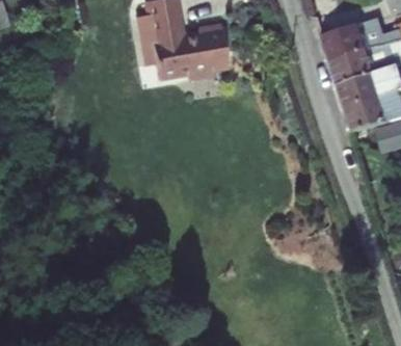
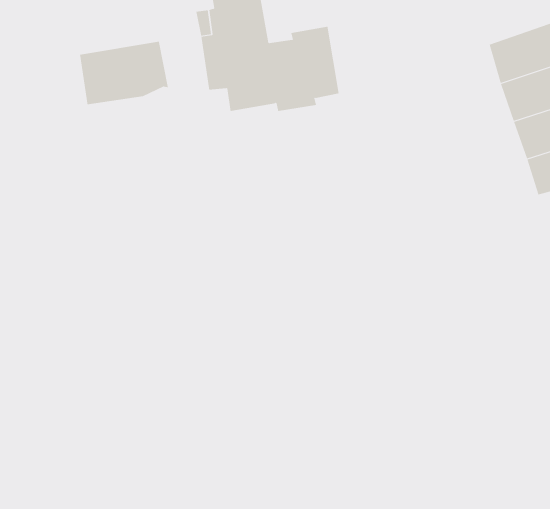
building: none -> [80,41,169,105]

